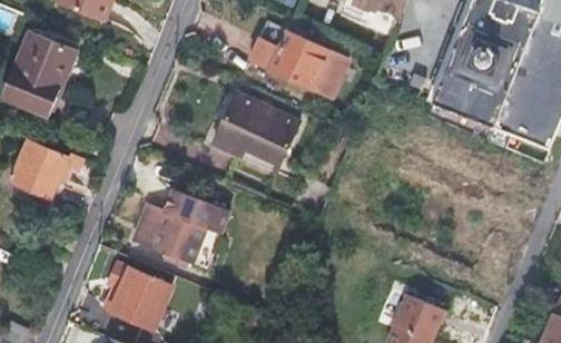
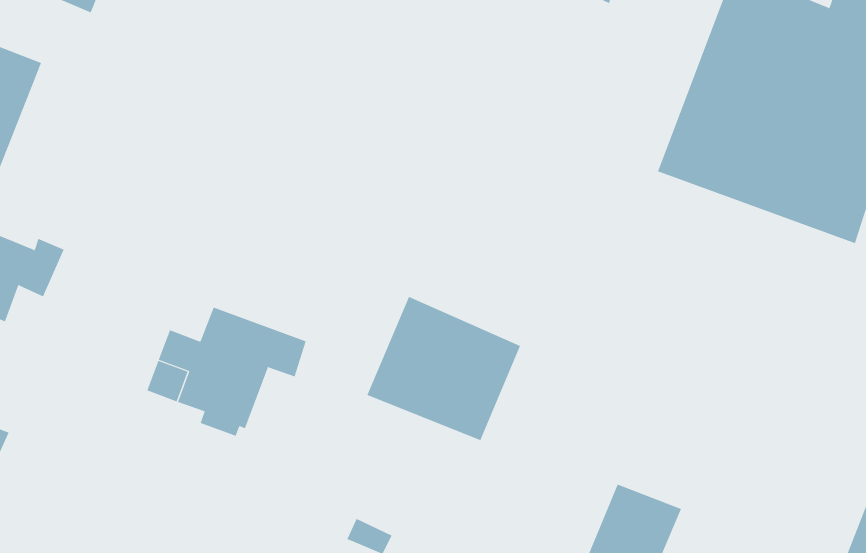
building: [254,21,353,94] -> none
building: [209,90,299,175] -> [367,296,521,441]
building: [106,271,166,330] -> none

